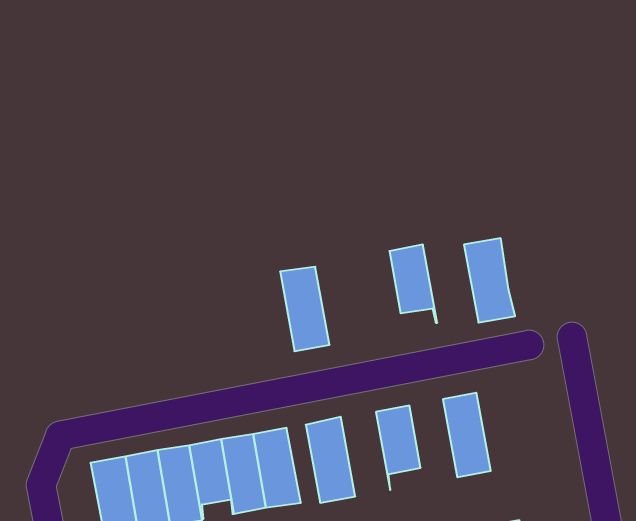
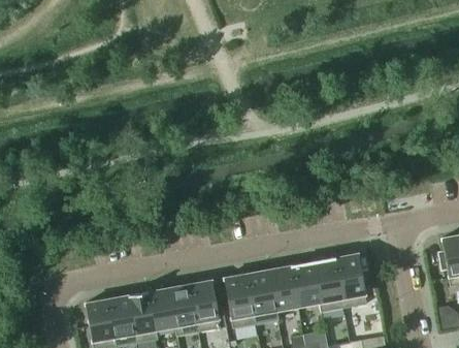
building: [464,238,515,323] -> [334,254,367,309]
building: [389,245,437,323] -> [291,262,322,313]
building: [280,267,330,351] -> [247,271,278,325]

